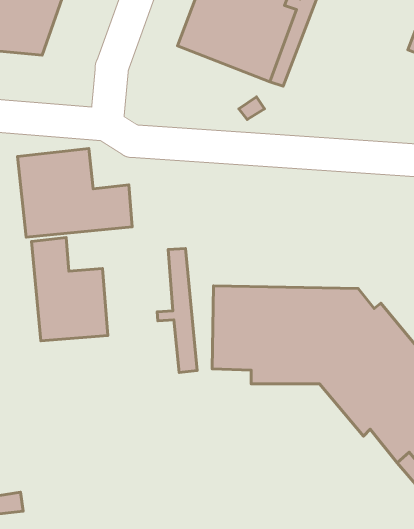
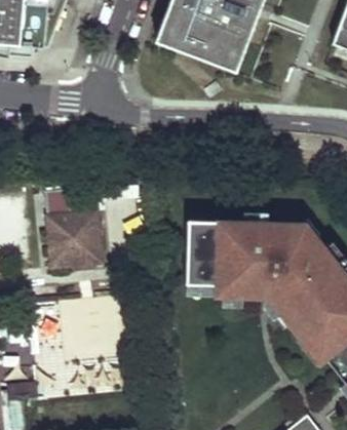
building: [18,148,132,237] -> none
building: [157,249,197,372] -> none

